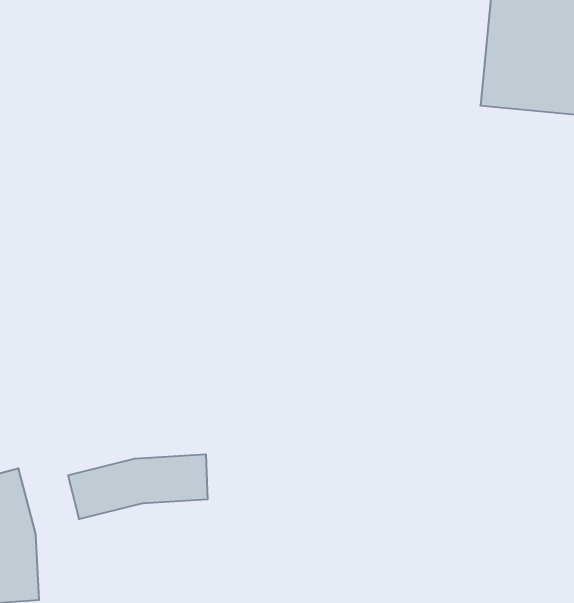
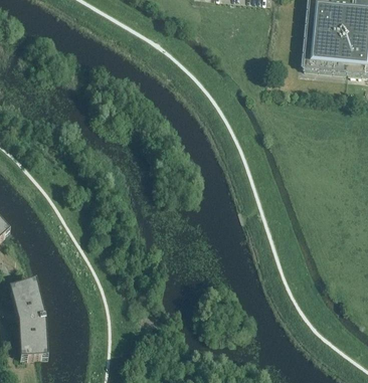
building: [68,454,207,519] -> none

